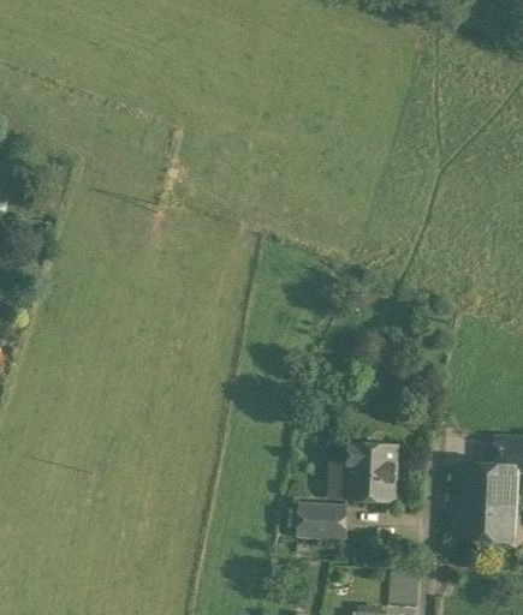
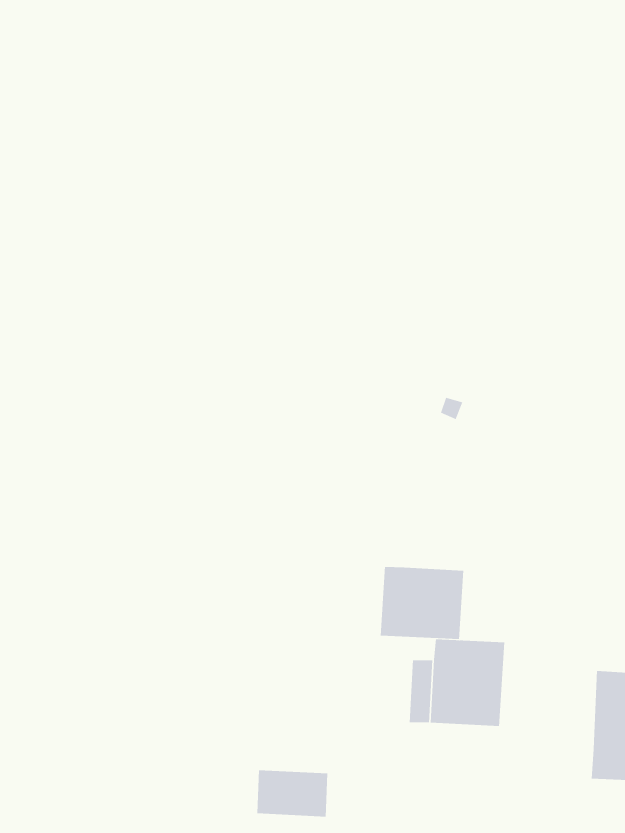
building: none -> [380,566,464,640]
building: [298,503,347,536] -> [256,770,328,817]

